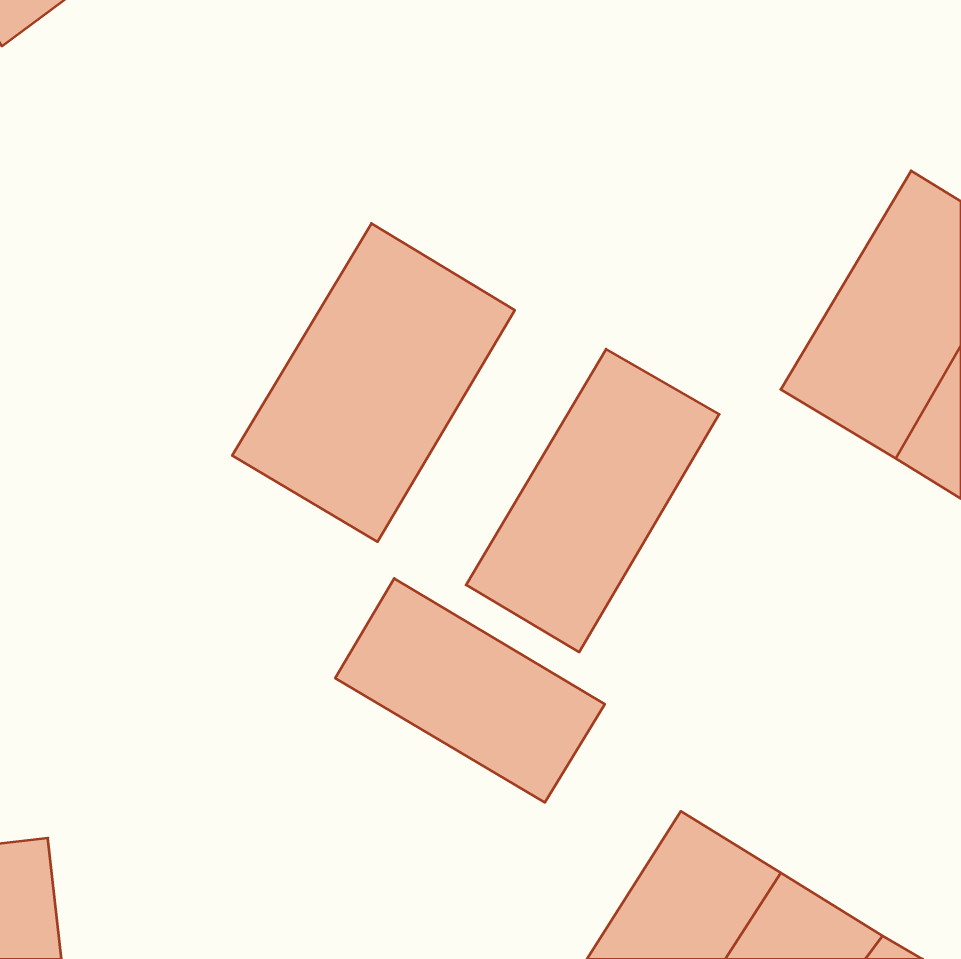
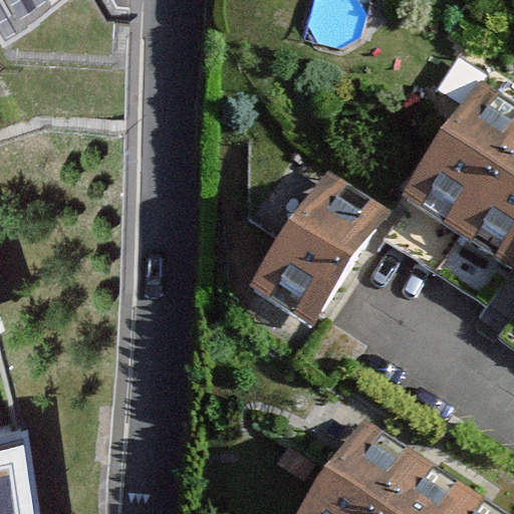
building: [232,223,515,542] -> none
building: [335,578,605,802] -> none

